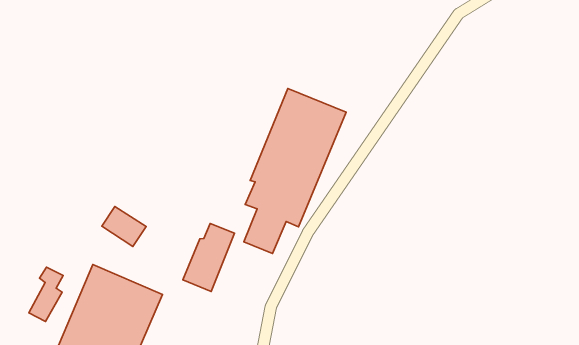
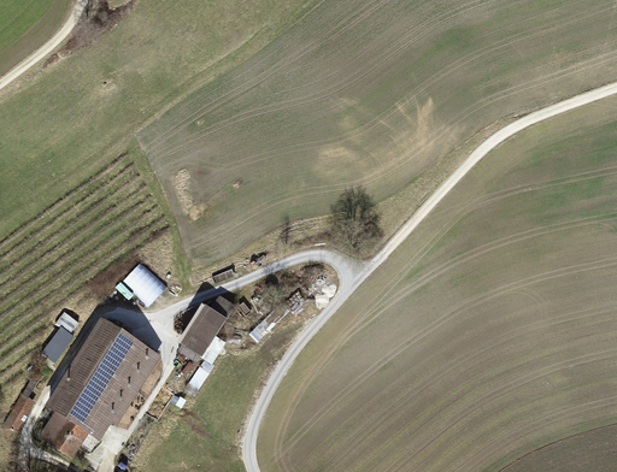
building: [244,89,346,254] -> none

